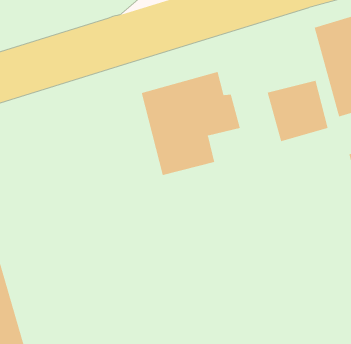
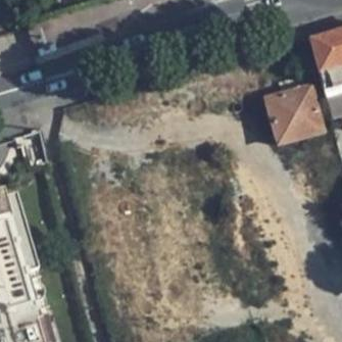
building: [141,71,241,176] -> none

